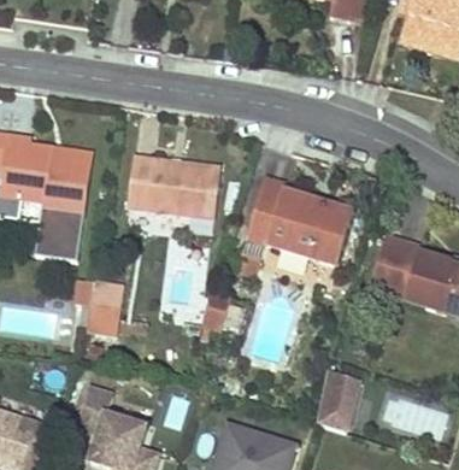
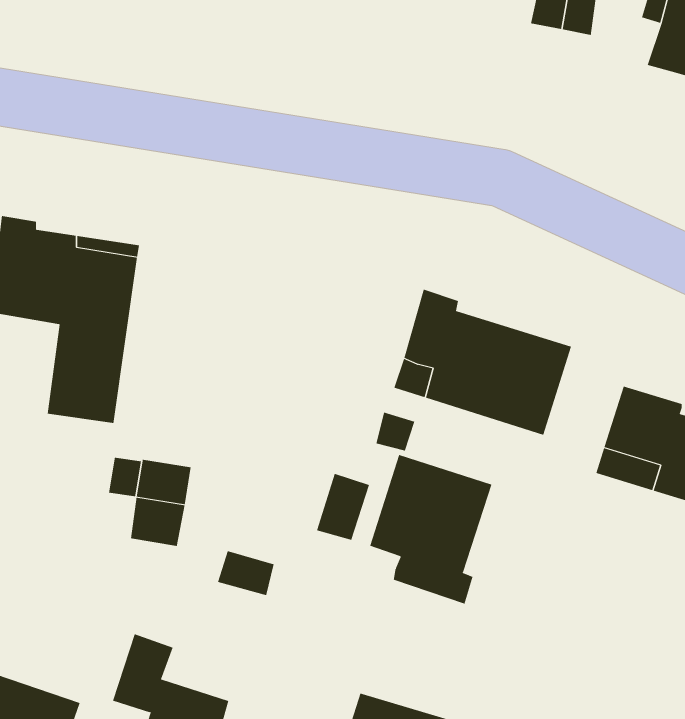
building: [126,155,220,218] -> none
building: none -> [370,454,492,605]
building: [311,375,354,429] -> none

